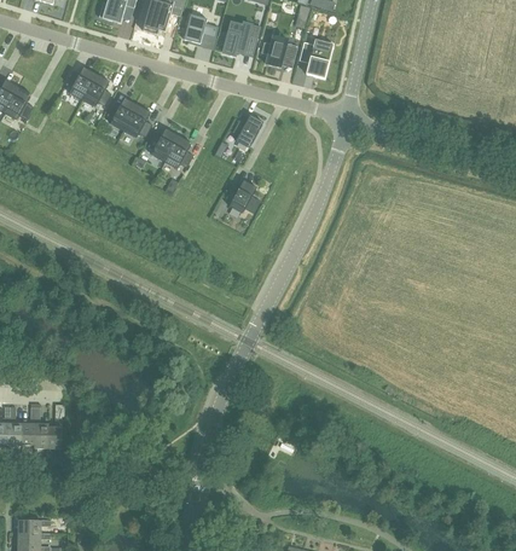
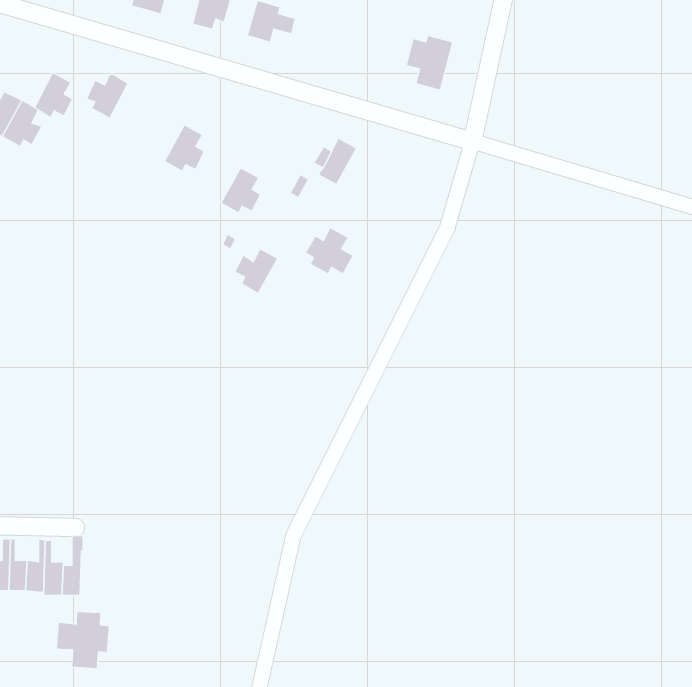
building: [222,22,256,56] -> none
building: [265,35,297,68] -> none
building: [82,74,110,106] -> [34,73,73,117]
building: [106,97,137,130] -> none
building: [146,128,178,161] -> [235,249,278,293]
building: none -> [56,612,109,669]

